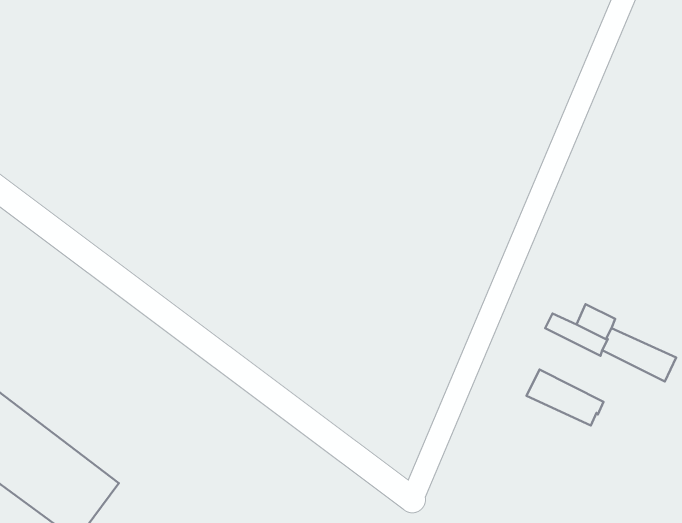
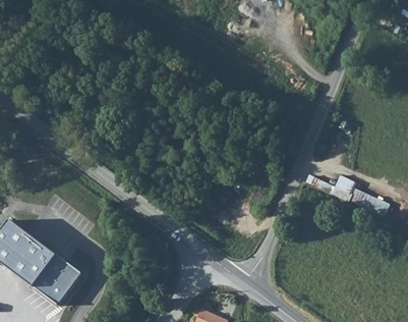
building: [526,370,604,425] -> none

